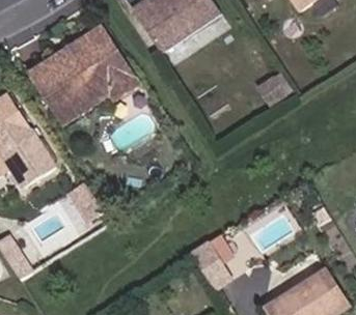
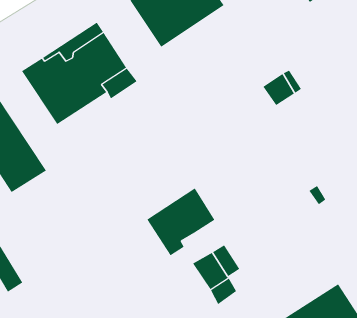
building: none -> [146,188,215,256]

